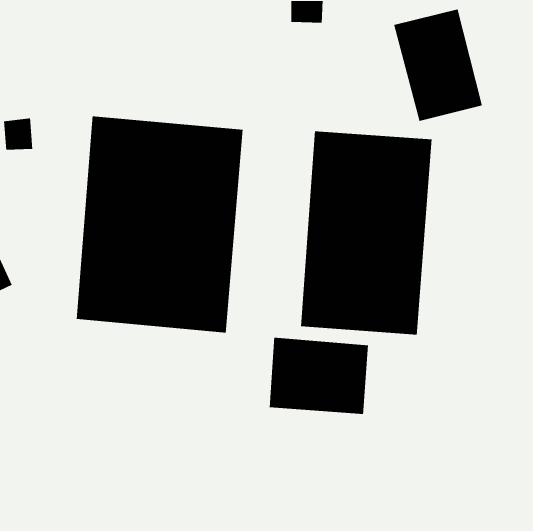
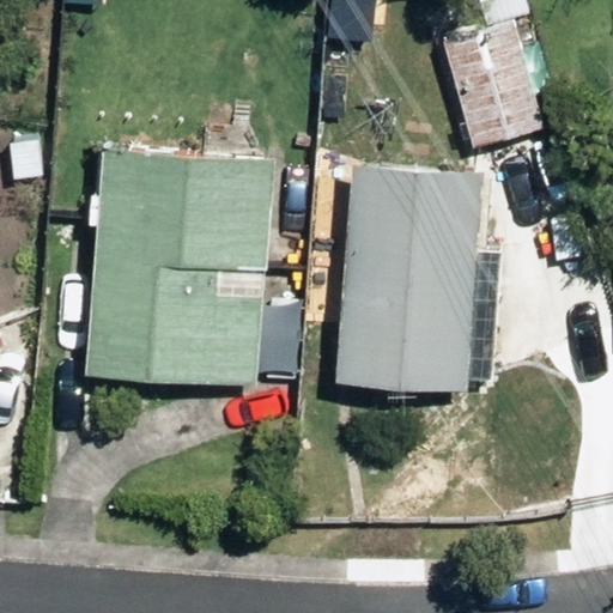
building: [269,337,369,415] -> none

